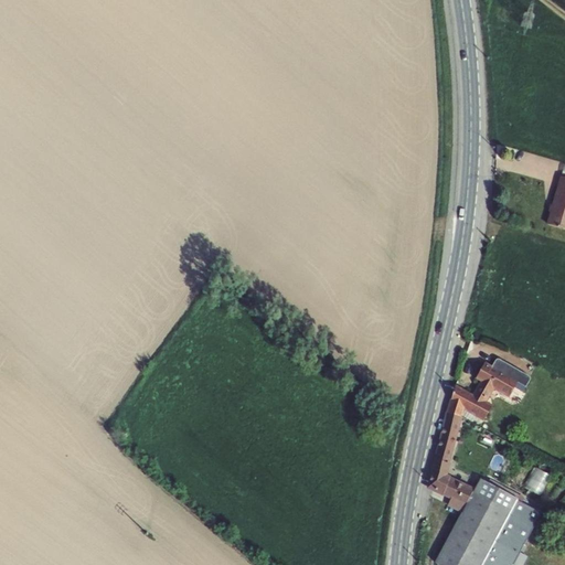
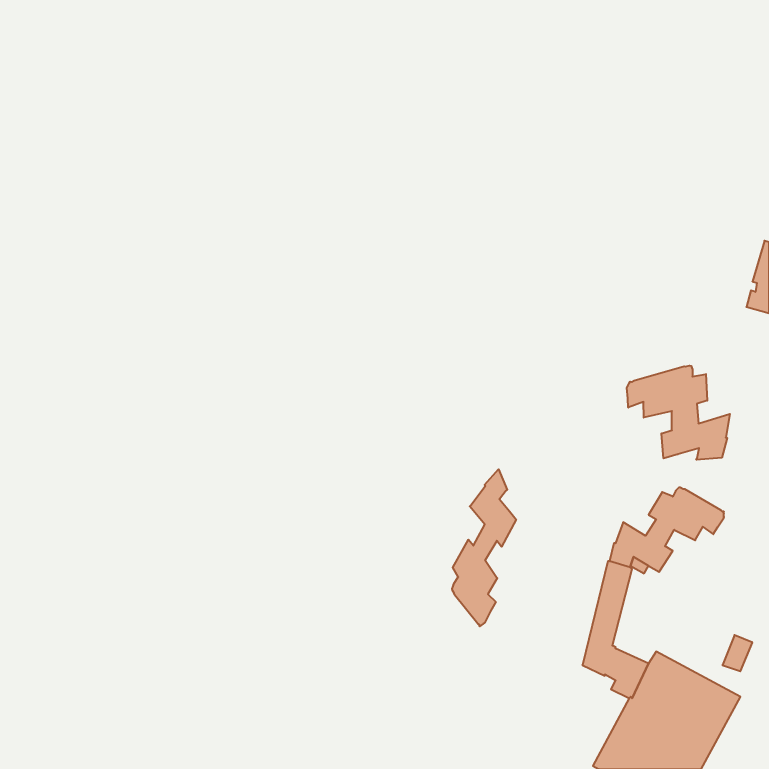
building: none -> [627,366,730,460]
building: none -> [452,469,516,626]

